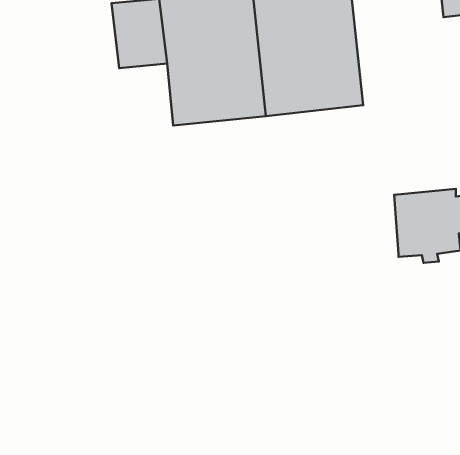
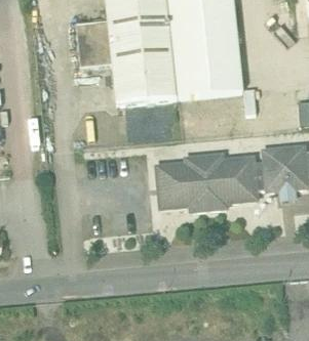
building: none -> [156,153,267,210]

